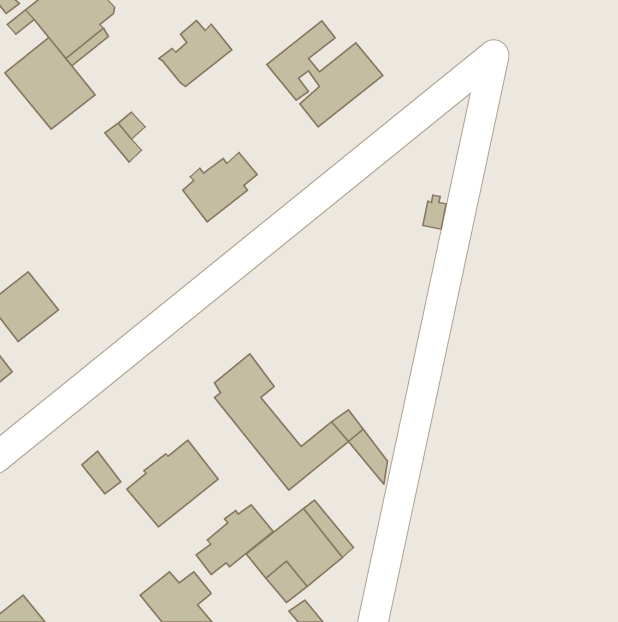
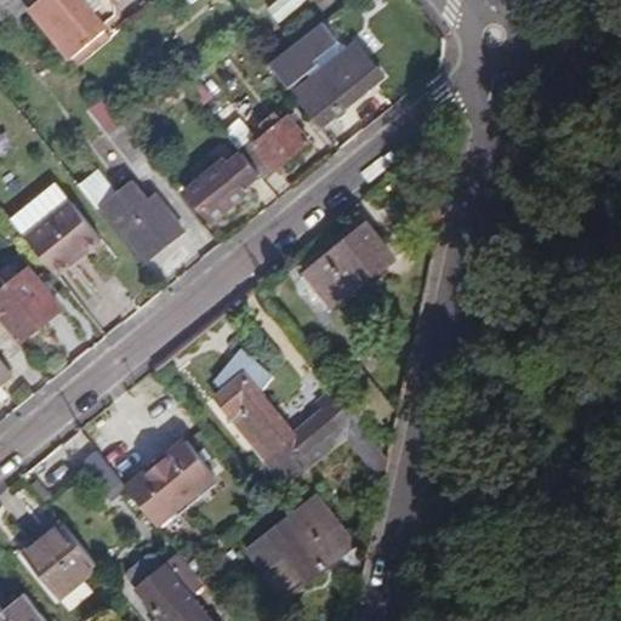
building: [159,21,232,86] -> [234,112,307,177]
building: [5,38,95,129] -> [8,182,98,273]
building: none -> [73,166,183,258]
building: none -> [297,221,393,313]
building: [196,505,273,575] -> none
building: none -> [21,522,96,598]

